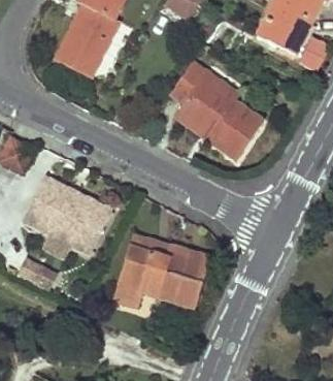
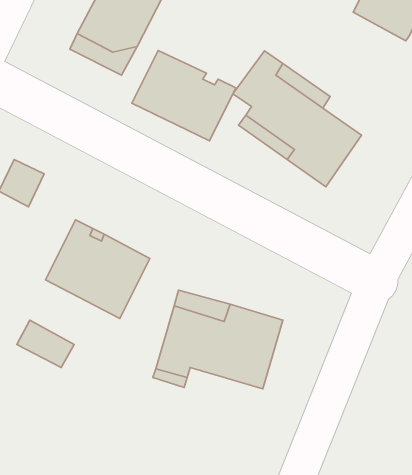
building: none -> [132,50,236,141]

